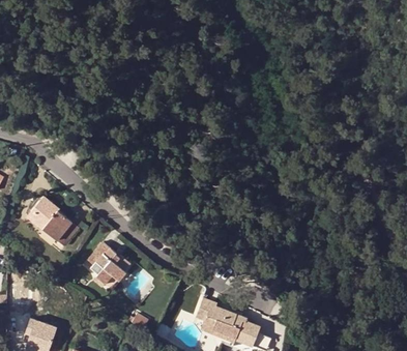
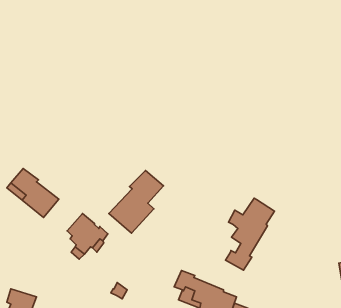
building: none -> [109,170,164,233]
building: none -> [225,198,274,270]

